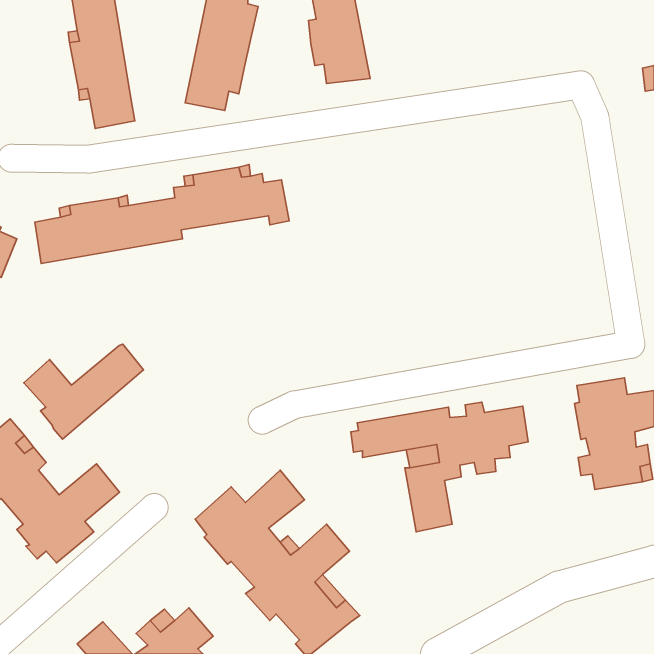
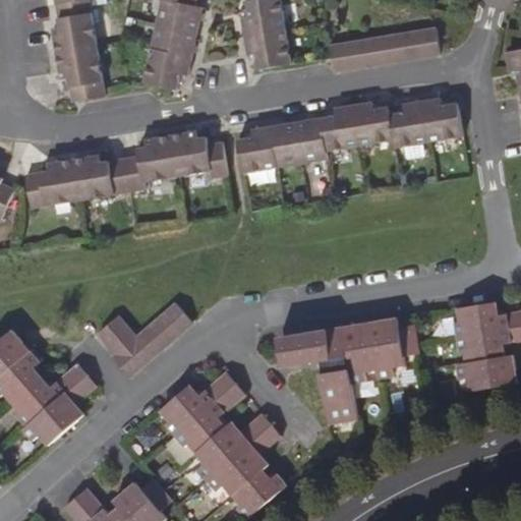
building: none -> [331,27,441,70]
building: none -> [238,99,464,173]
building: [24,344,143,439] -> [94,302,188,378]

